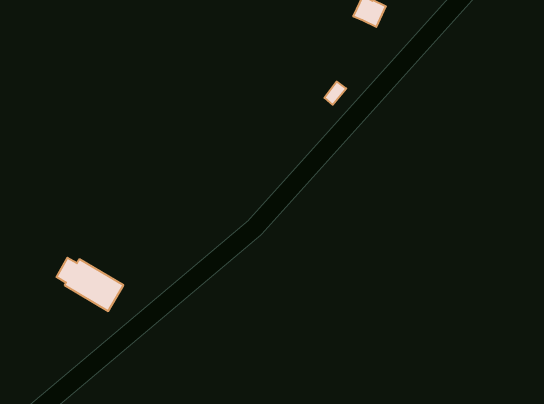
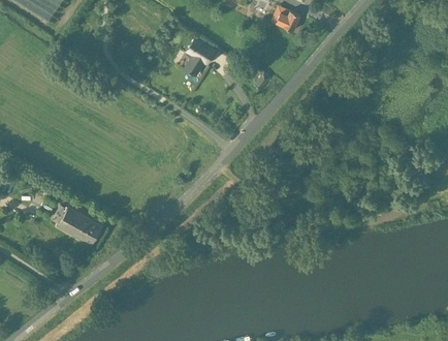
building: none -> [185,37,215,71]

